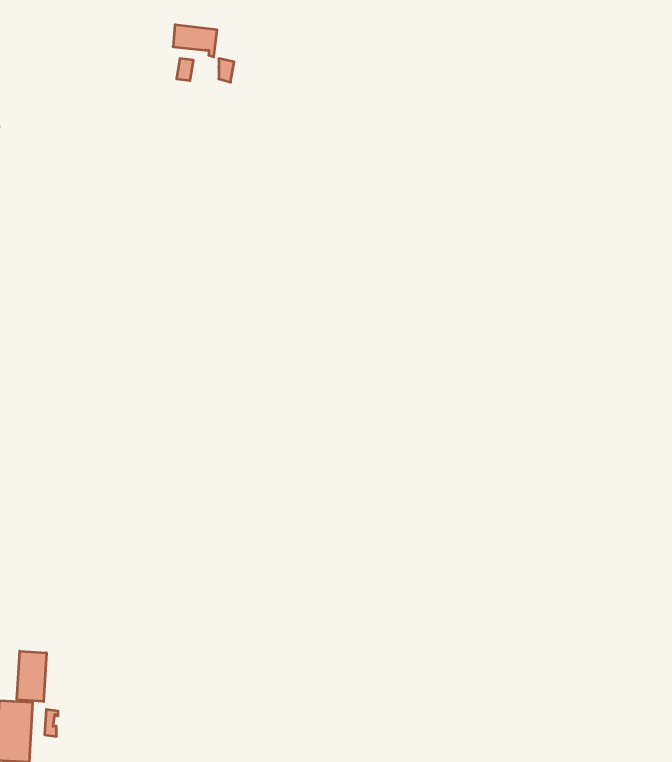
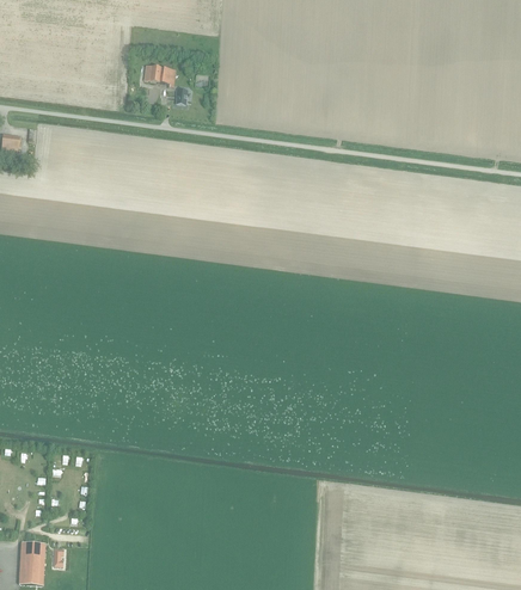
building: [17,651,46,702] -> none

